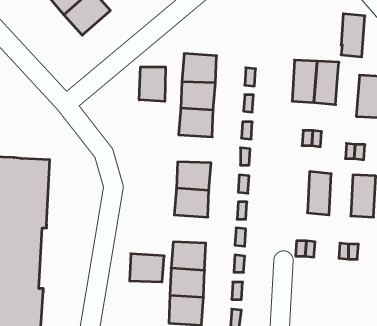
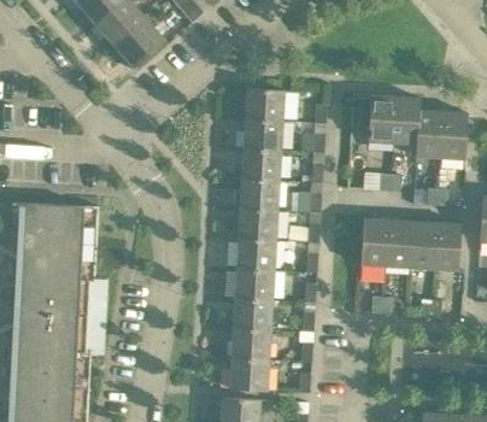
building: [341,14,365,57] -> [415,110,441,158]
building: [139,67,165,101] -> none
building: none -> [239,178,277,210]
building: none -> [359,218,386,265]
building: none -> [407,222,434,269]
building: [130,254,164,282] -> [234,268,272,299]

